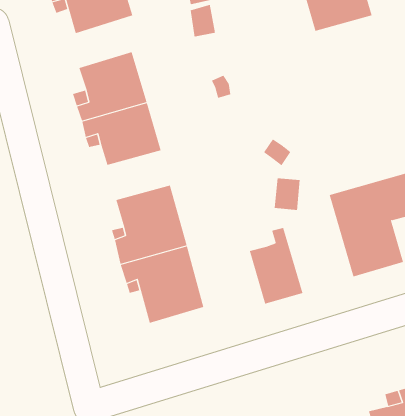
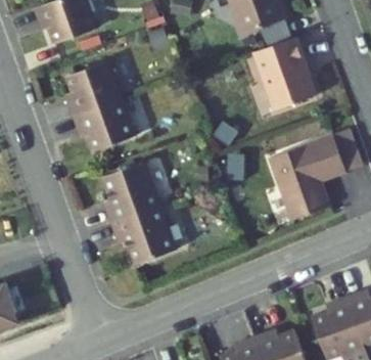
building: none -> [249,39,313,113]
building: [249,227,303,305] -> none

